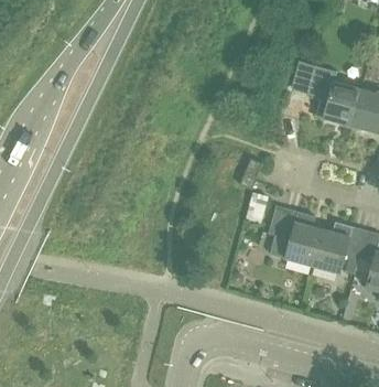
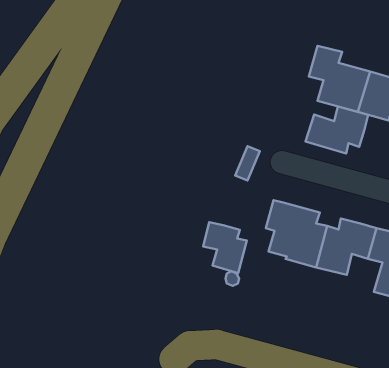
building: none -> [305,106,368,154]
building: none -> [203,222,247,273]

